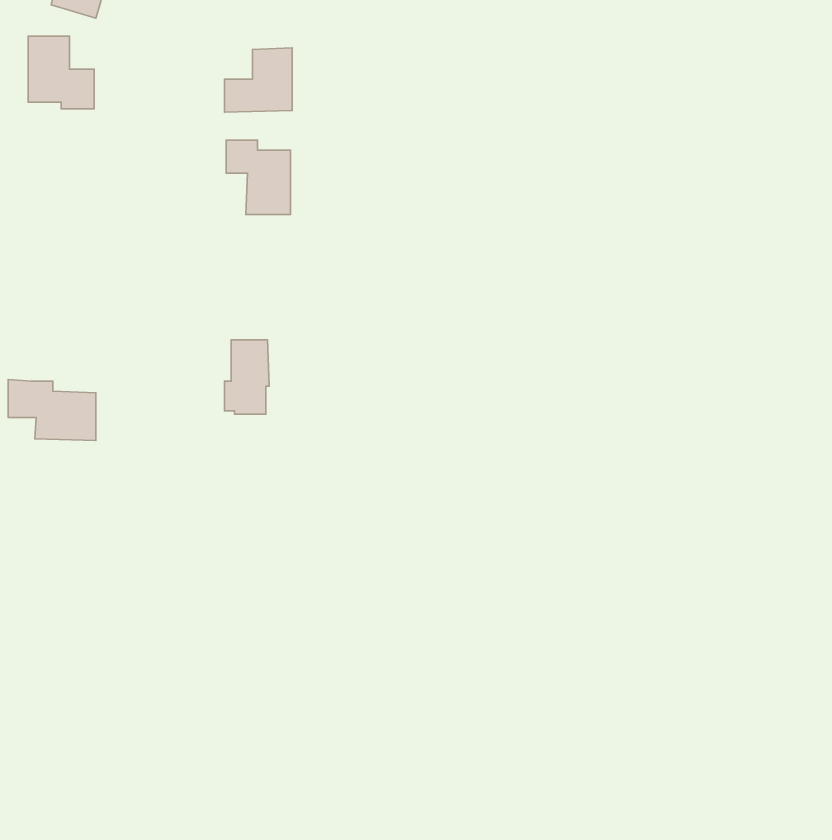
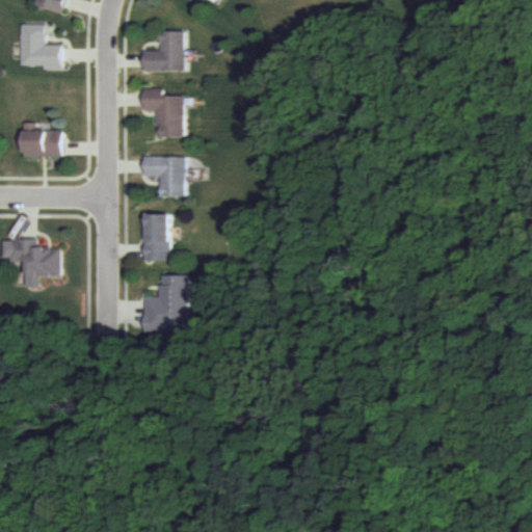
building: none -> [19,122,59,156]
building: none -> [140,155,184,196]
building: none -> [141,275,186,332]

